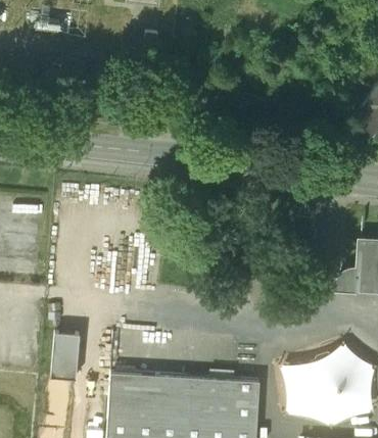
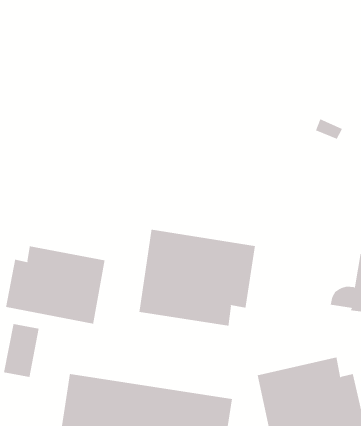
building: none -> [139,229,256,327]
building: none -> [5,245,105,325]

